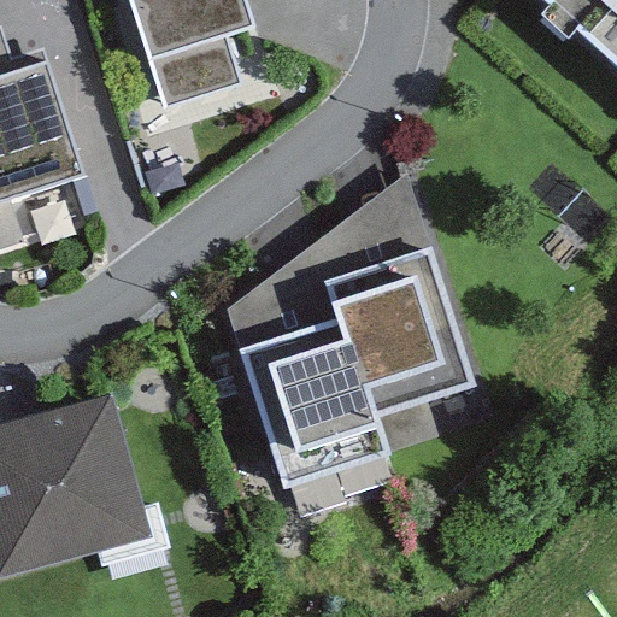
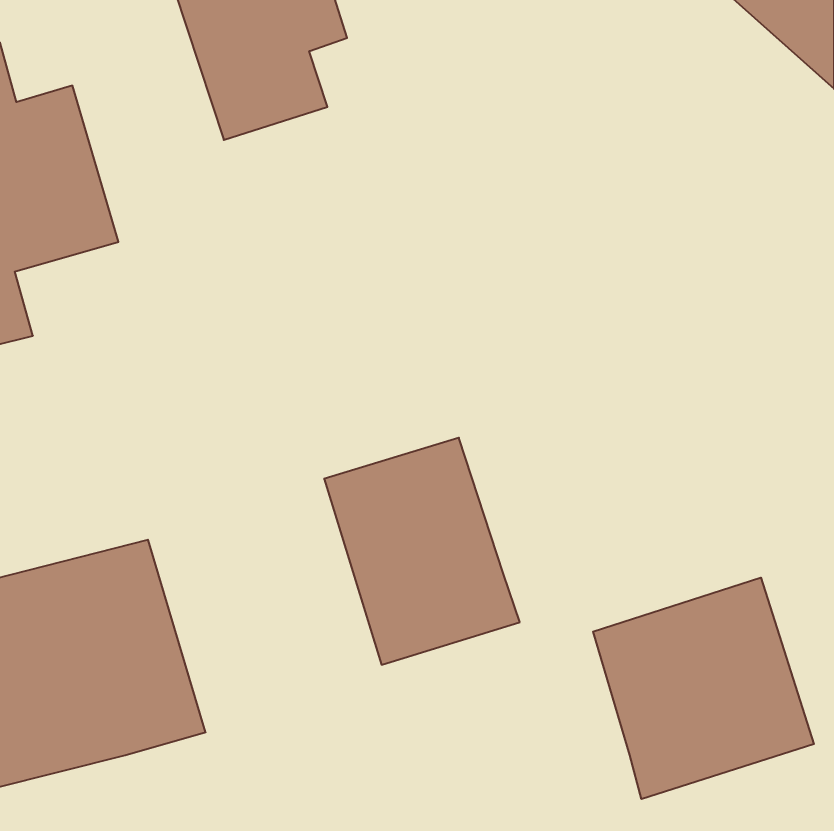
building: [325,251,475,421] -> none
building: none -> [593,578,814,799]

